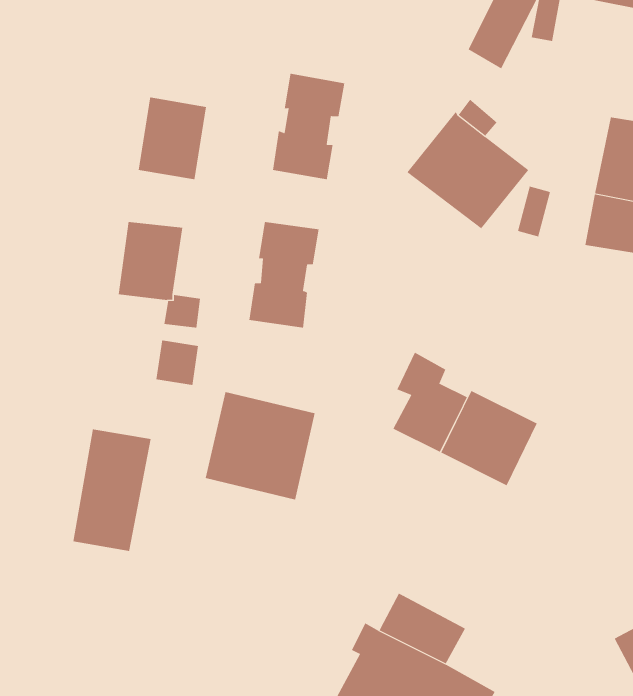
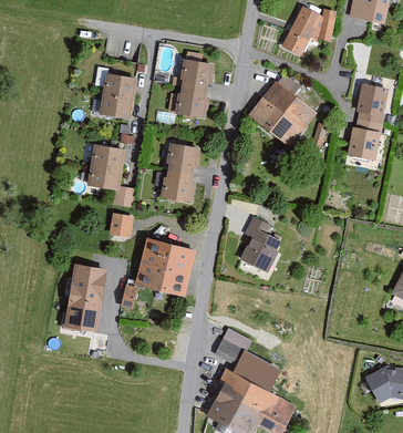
building: [441,390,538,486] -> none
building: none -> [211,327,252,368]

